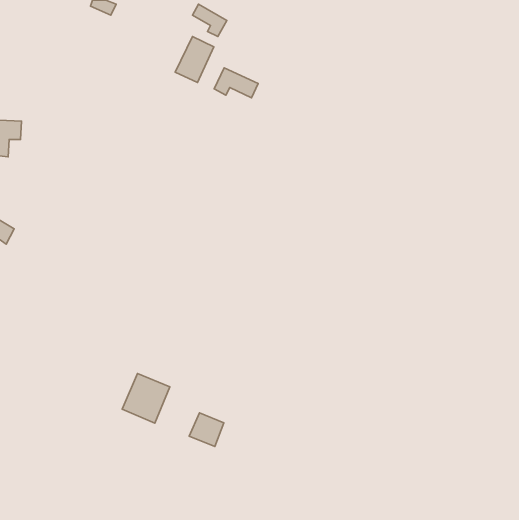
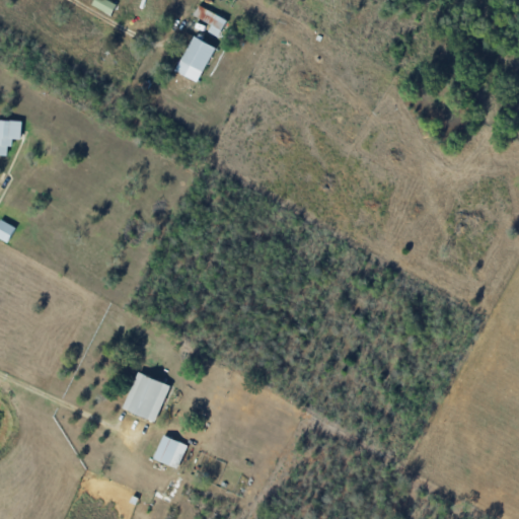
building: [214,68,258,98] -> none
building: [189,413,224,446] -> [152,435,187,468]

